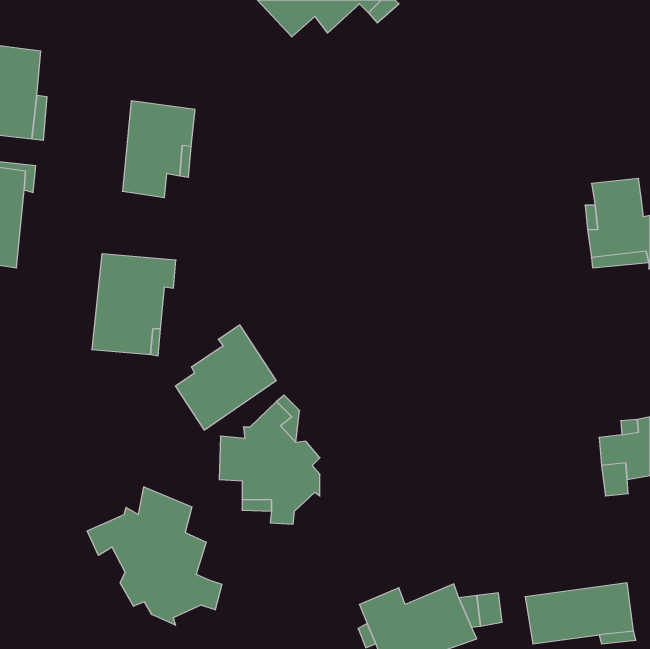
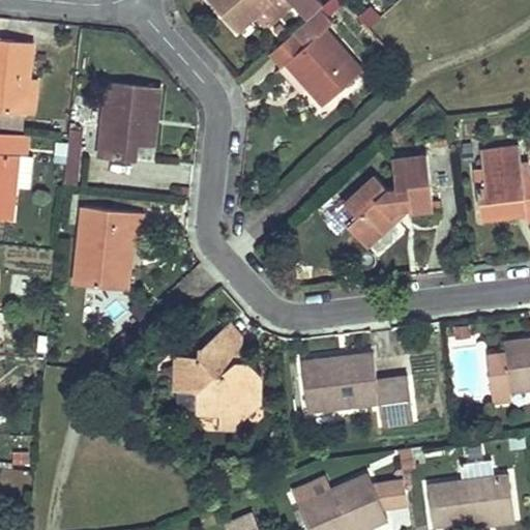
building: none -> [269,28,362,107]
building: none -> [345,155,433,247]
building: [175,325,276,430] -> none
building: none -> [299,356,412,424]
building: [87,487,222,625] -> none

